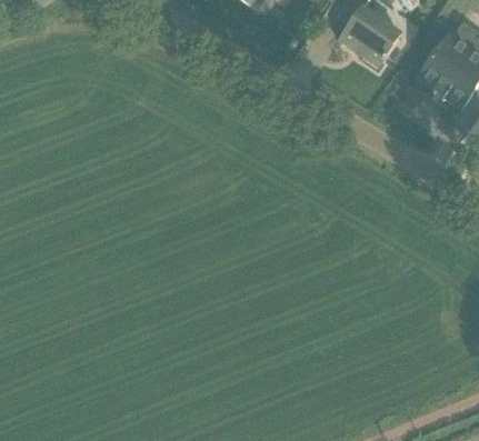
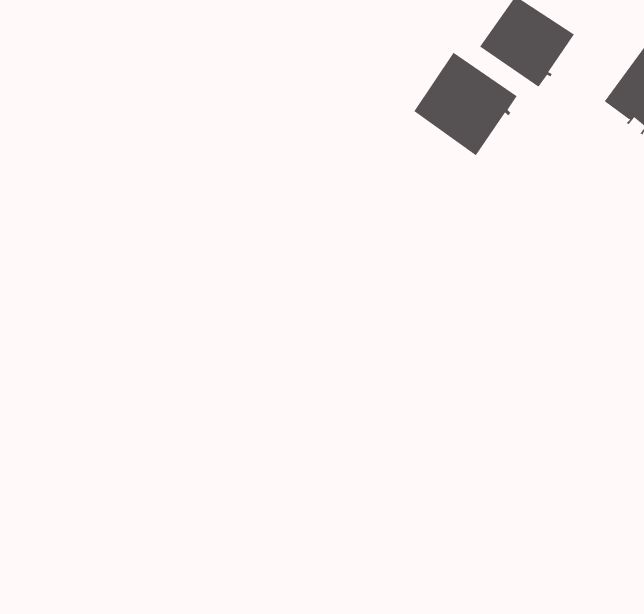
building: none -> [413,52,517,156]

